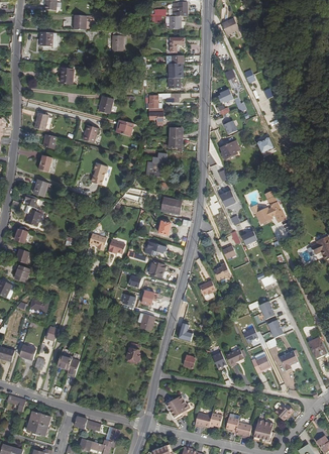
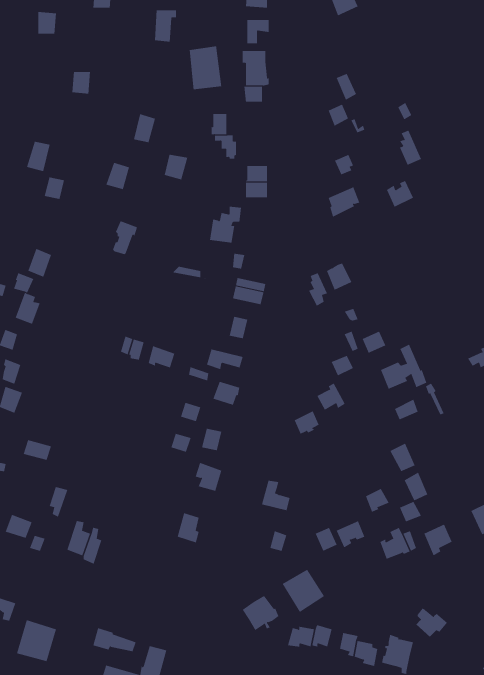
building: none -> [189,46,222,90]
building: [255,195,285,223] -> [380,344,427,389]
building: none -> [282,569,325,613]

